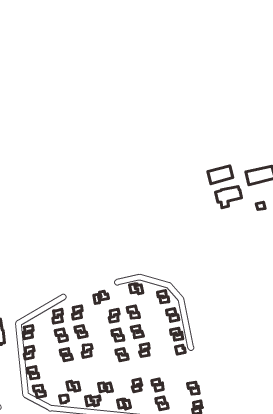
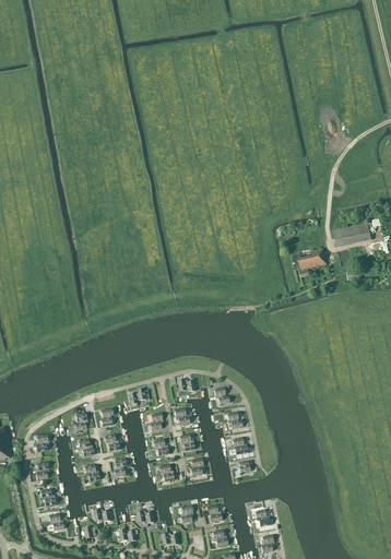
building: [208,166,233,184] -> none

